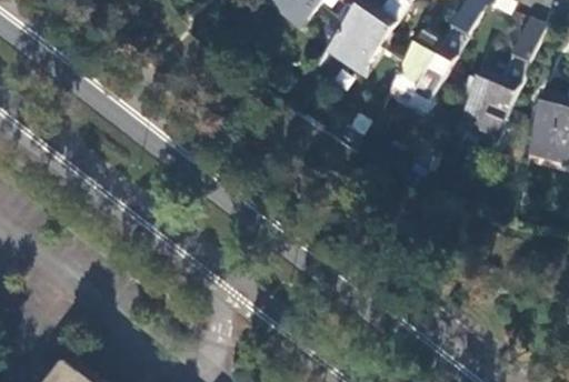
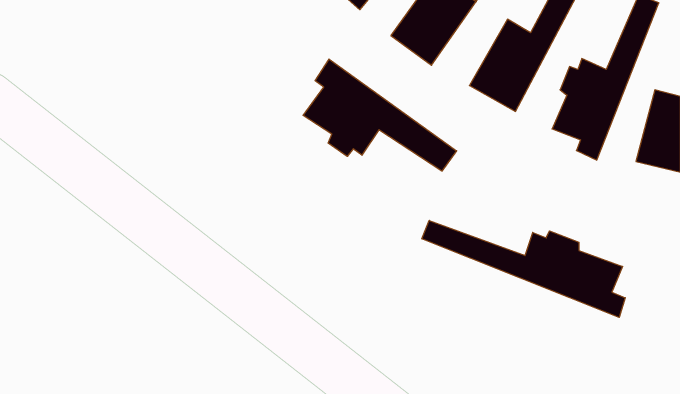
building: none -> [303,59,457,171]
building: none -> [422,220,625,317]

